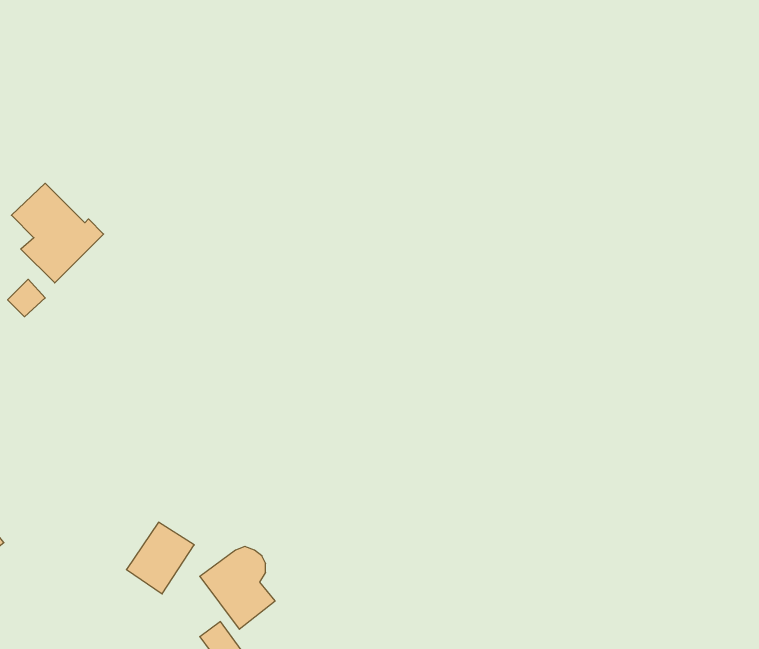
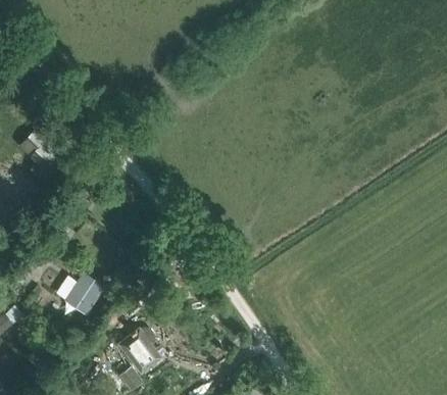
building: [126,522,194,594] -> [65,277,102,315]

